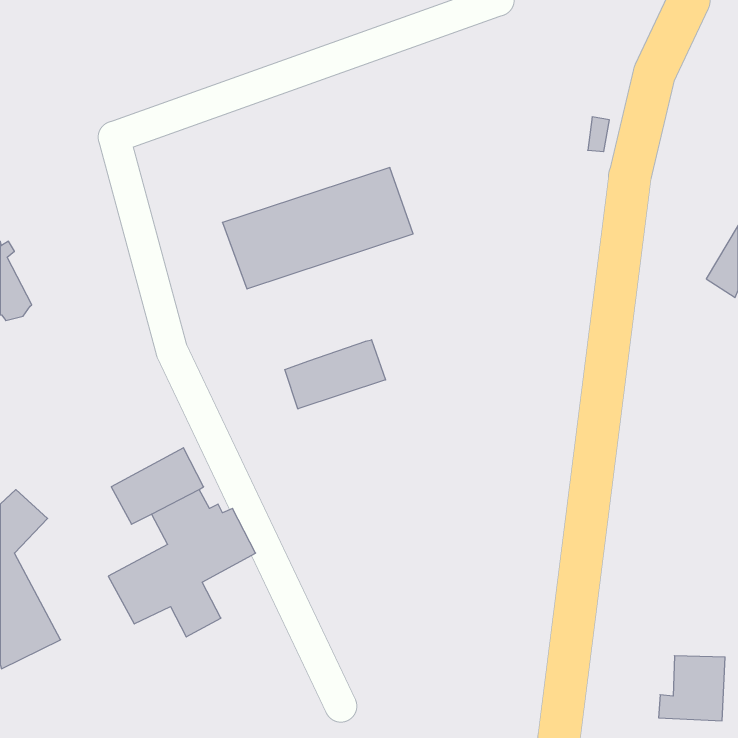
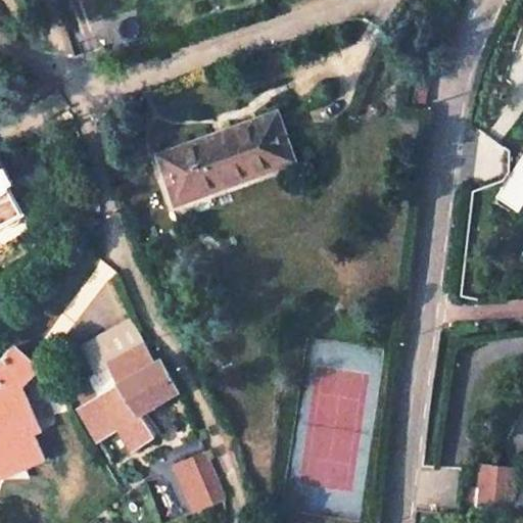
building: [285,340,386,409] -> none
building: none -> [176,450,226,510]

